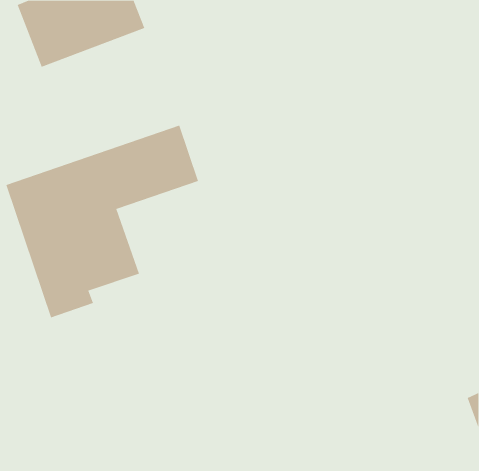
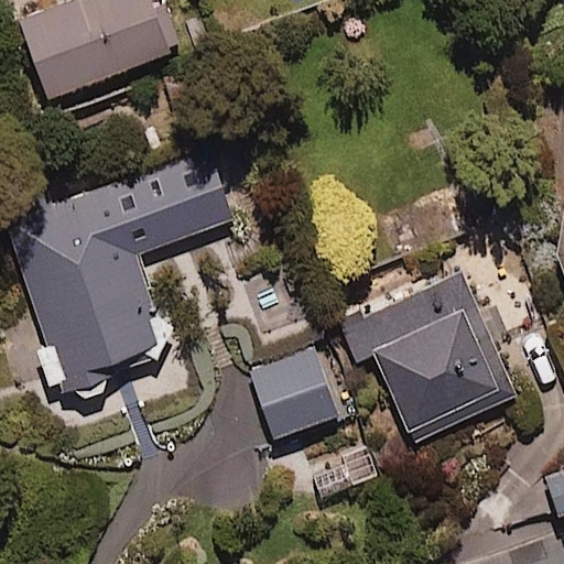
building: none -> [339,273,516,436]
building: none -> [250,348,339,437]

